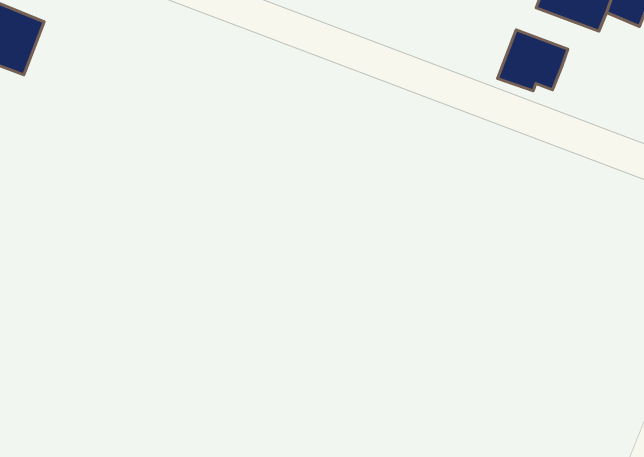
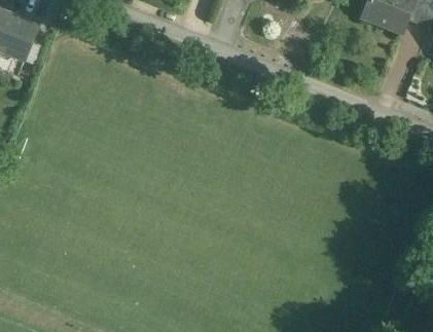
building: [498,30,568,91] -> none

